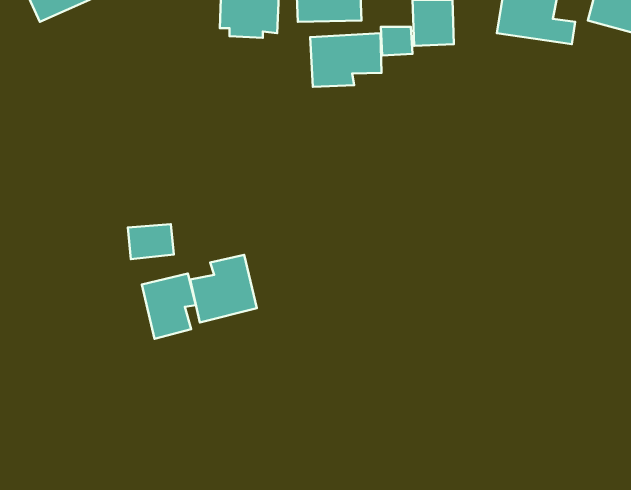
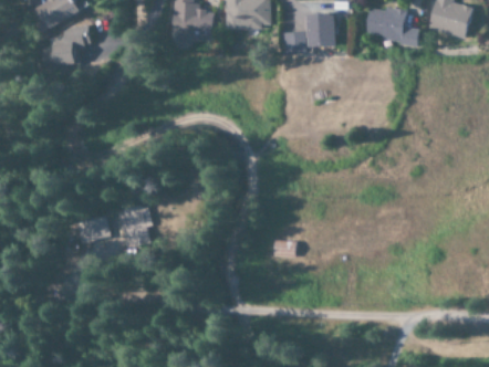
building: none -> [51,25,87,64]
building: [310,33,382,87] -> none
building: [128,224,174,259] -> [77,218,110,242]
building: [190,255,257,322] -> none

